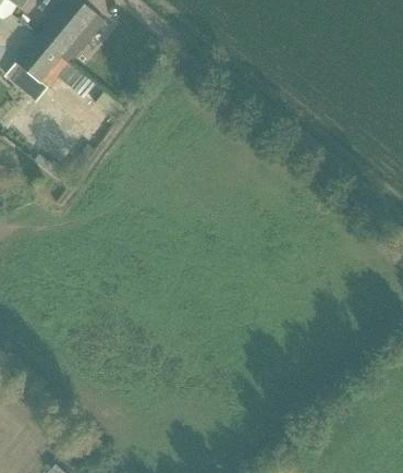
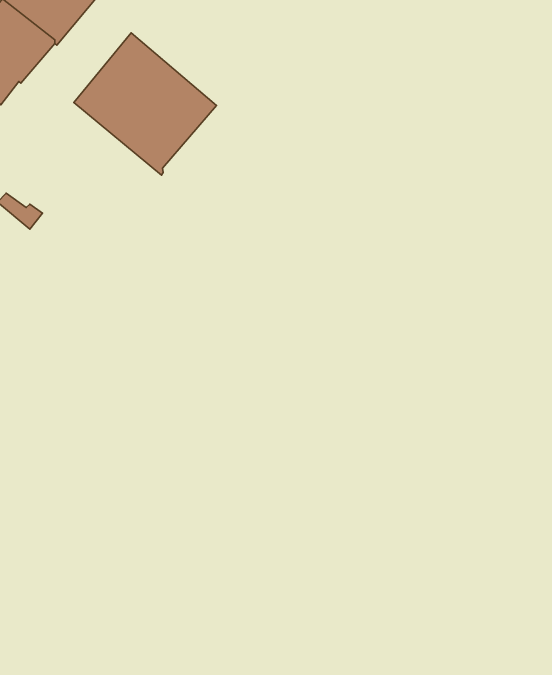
building: none -> [74,33,217,175]

